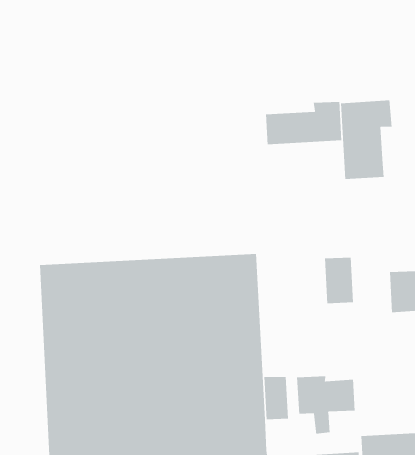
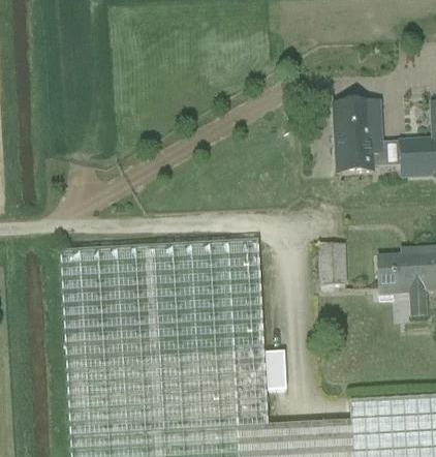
building: [265,101,342,145] -> none
building: [297,375,355,434] -> none

